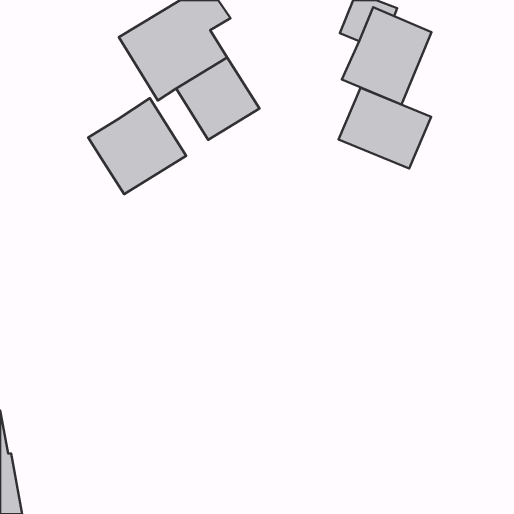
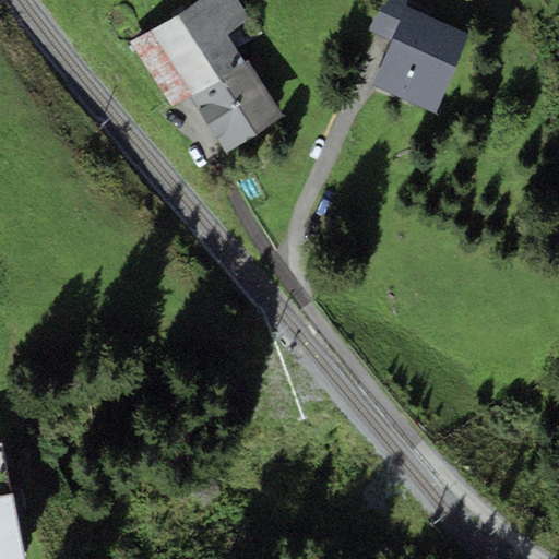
building: [339,88,431,169] -> none
building: [88,98,186,194] -> none

